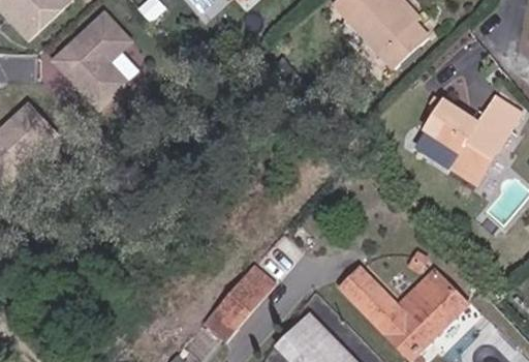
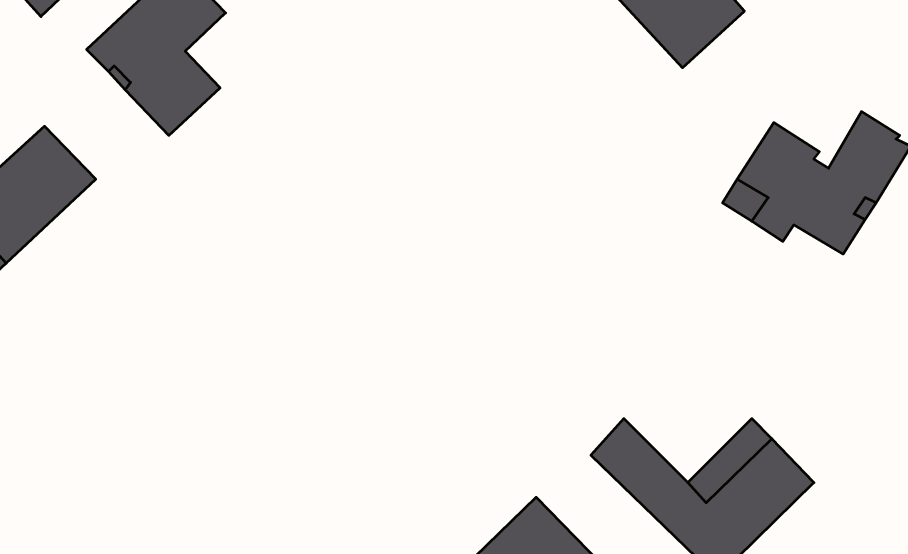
building: [214,265,273,327] -> none

